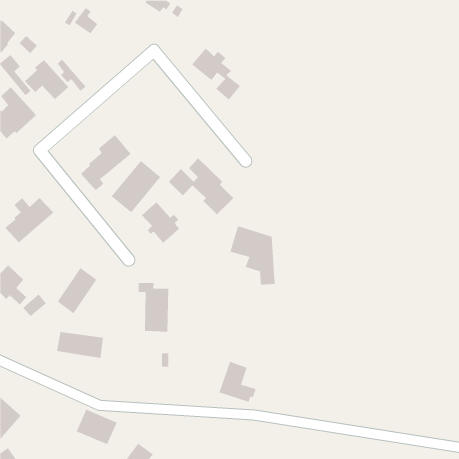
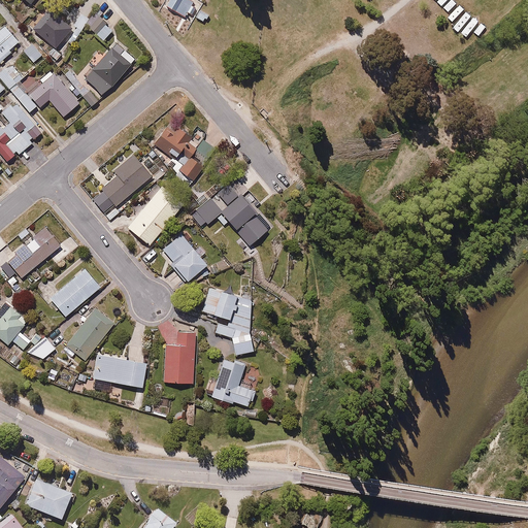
building: none -> [32,6,72,46]
building: none -> [84,40,136,94]
building: [191,47,241,100] -> [147,124,204,185]
building: [229,226,275,285] -> [198,285,251,353]
building: none -> [50,268,100,317]
building: [56,331,104,358] -> [91,354,145,385]
building: [219,361,256,402] -> [211,359,255,406]
building: [76,409,117,445] -> [24,480,71,521]

